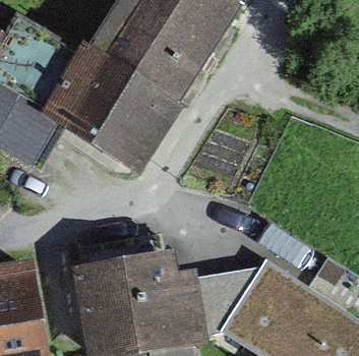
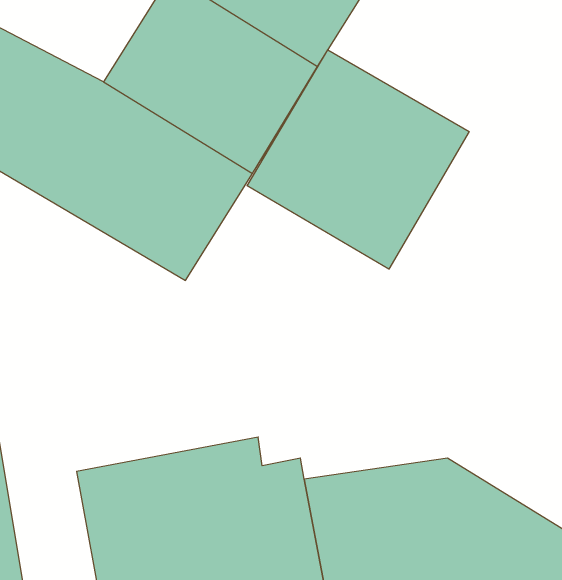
building: none -> [247,50,469,269]

